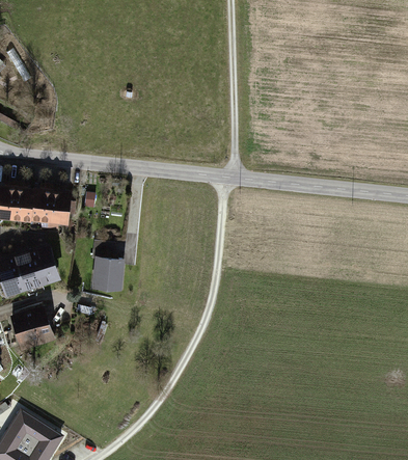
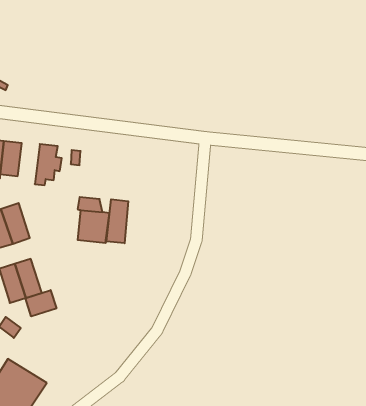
building: [29,186,52,228] -> none
building: [30,242,60,285] -> none
building: none -> [107,199,128,243]
building: none -> [25,290,56,316]

